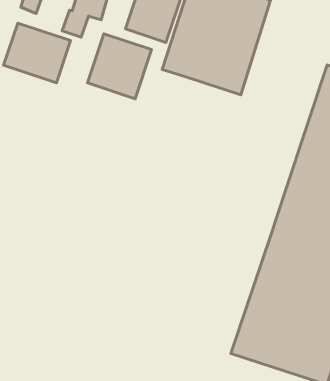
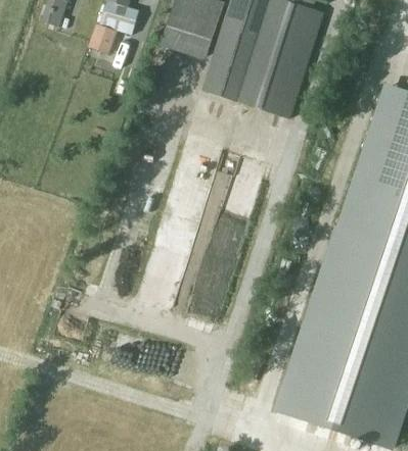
building: [4,23,71,83] -> none
building: [88,34,151,99] -> none

